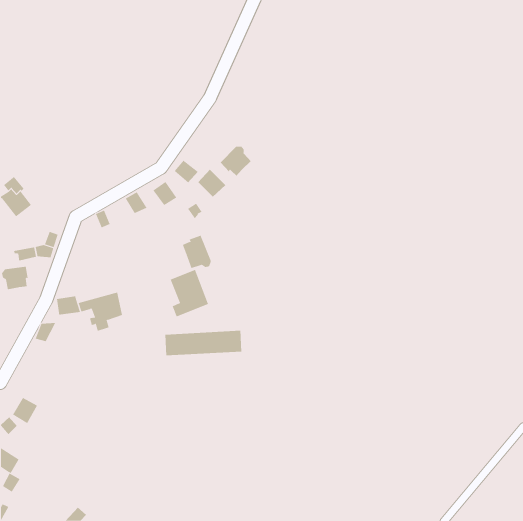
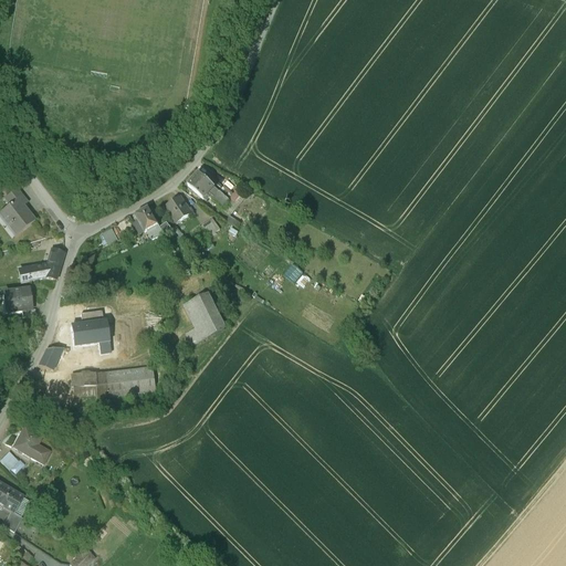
building: [220,146,251,176] -> none
building: [182,235,211,269] -> none
building: [164,330,242,356] -> [72,366,156,394]

